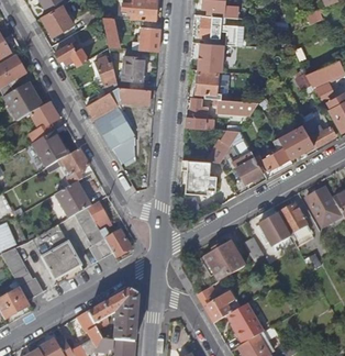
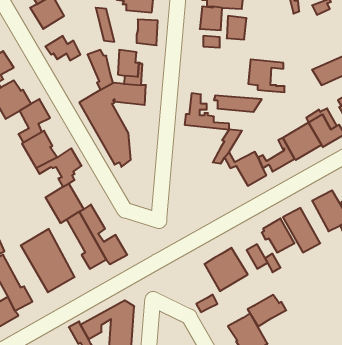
building: [194,68,229,99] -> [248,59,285,92]
building: [181,158,215,193] -> none
building: [203,292,240,322] -> [248,295,286,327]

